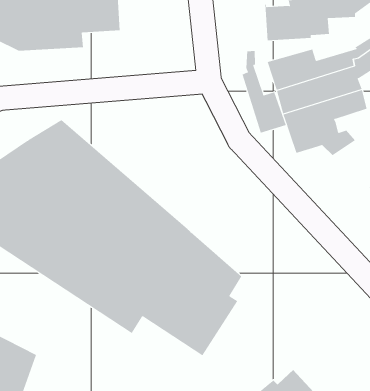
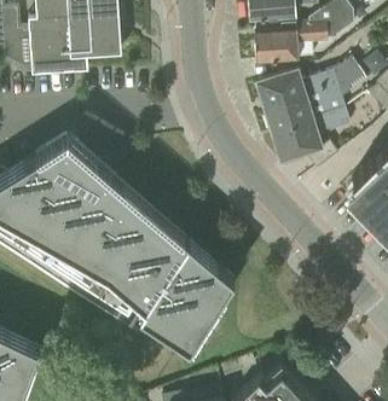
building: [242,50,286,134] -> none

